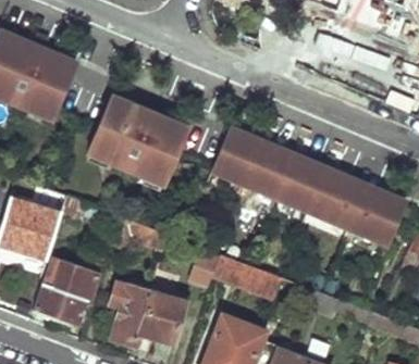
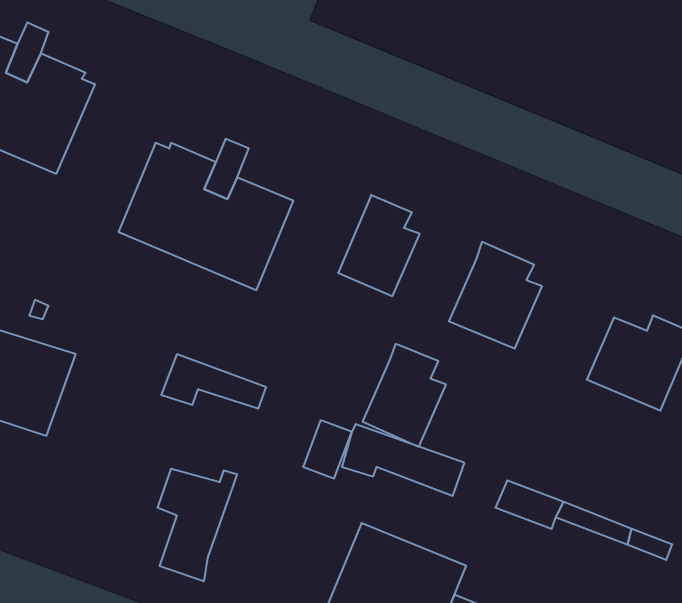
building: [241,141,287,199] -> [363,344,446,447]
building: [309,171,365,231] -> none
building: [37,264,100,321] -> none
building: [137,291,185,343] -> none

